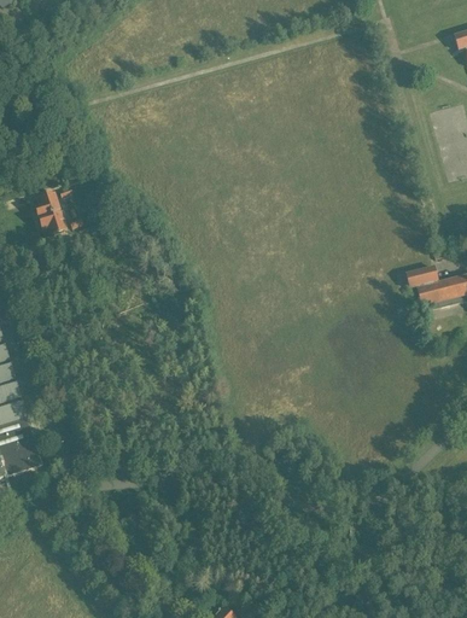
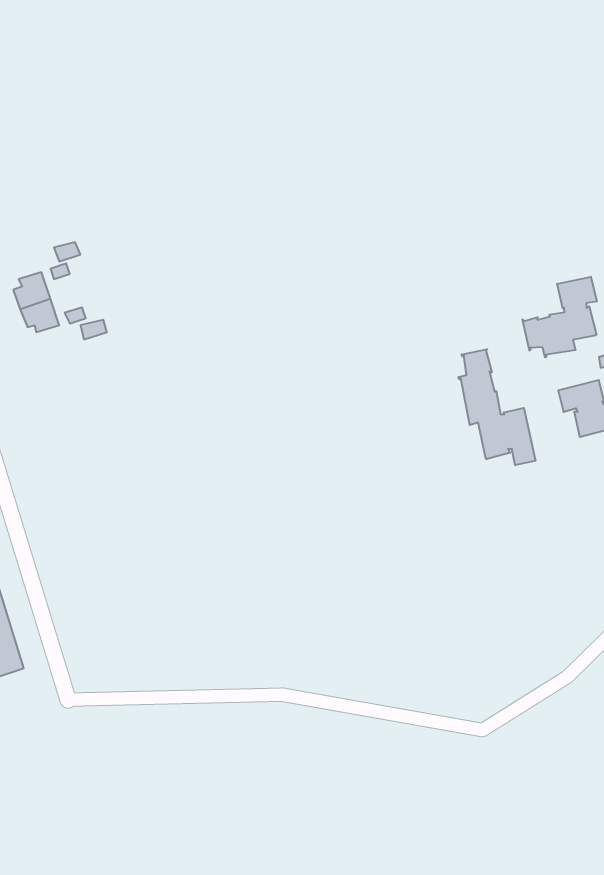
building: none -> [523,277,597,357]
building: none -> [458,349,536,465]

